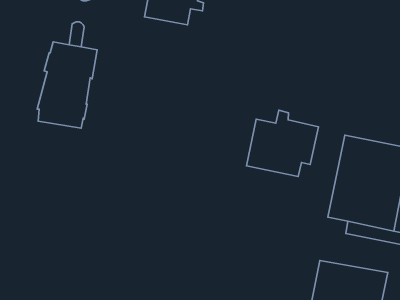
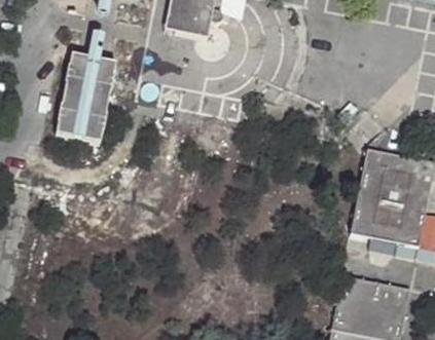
building: [246,110,319,176] -> none

